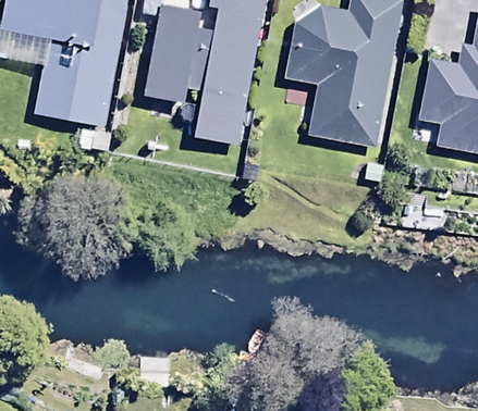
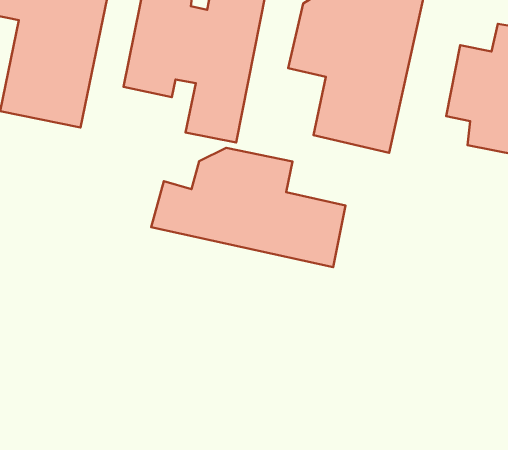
building: none -> [151,148,346,267]

